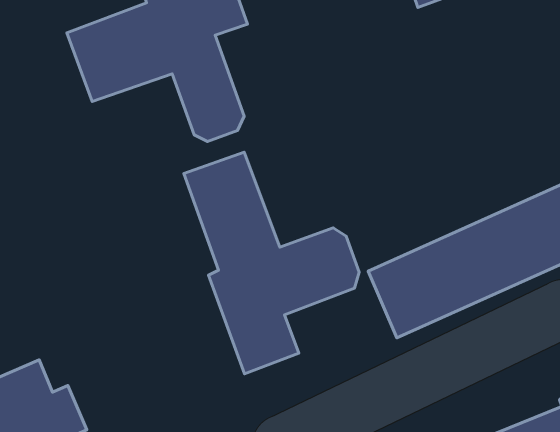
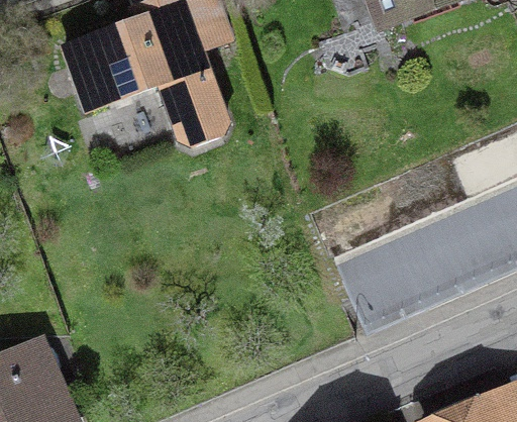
building: [184,152,359,374] -> none

